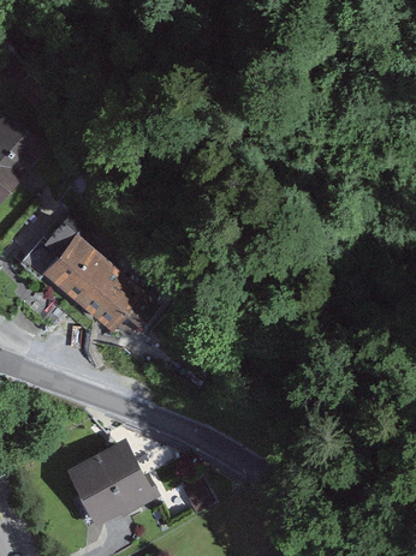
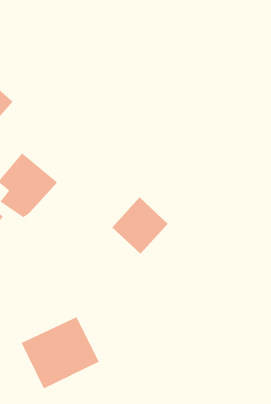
building: [69,258,144,335] -> [112,197,169,255]

